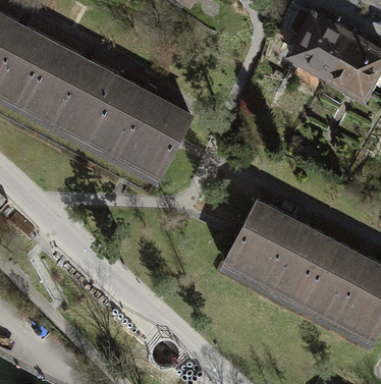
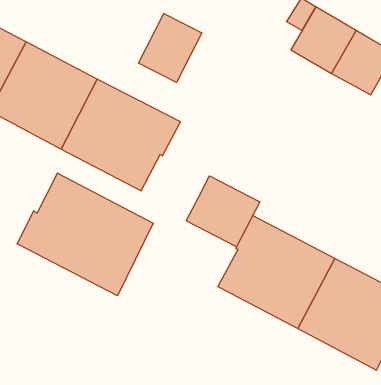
building: none -> [138,13,202,82]
building: none -> [17,173,153,296]
building: none -> [186,176,260,247]

